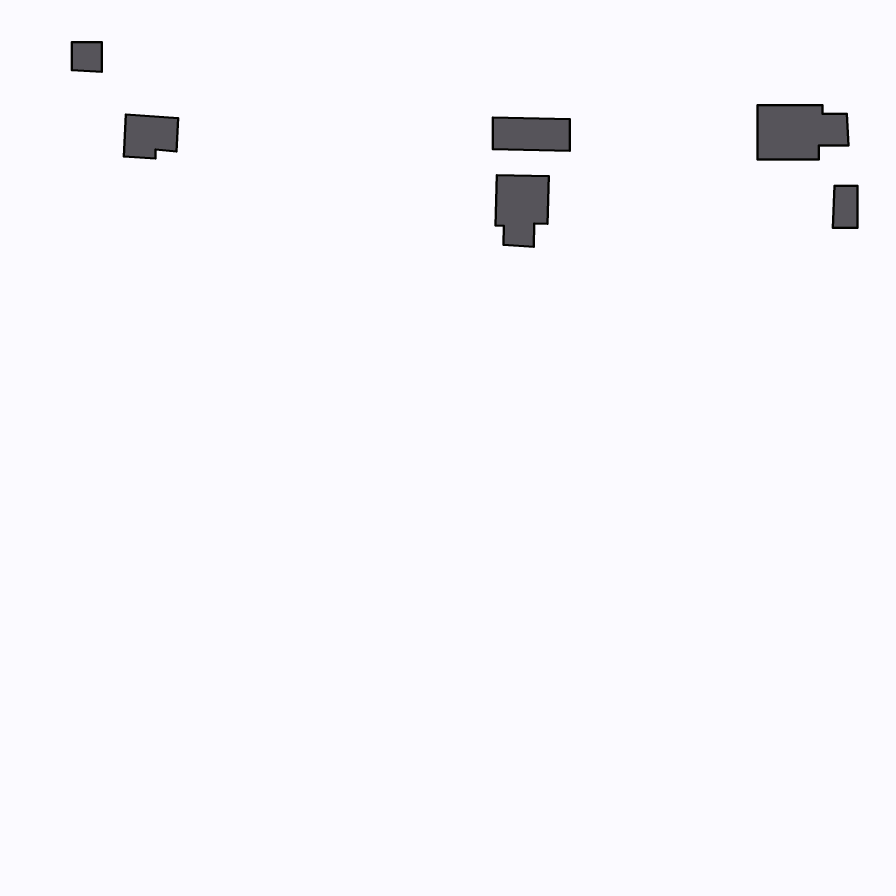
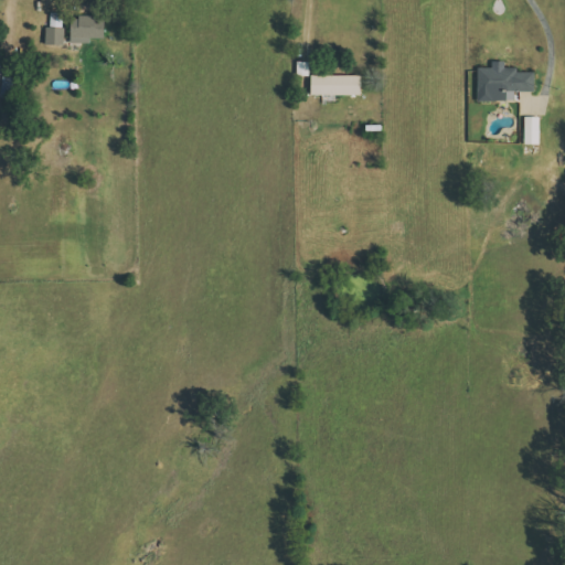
building: [124,115,178,158] -> [70,15,104,43]
building: [496,175,549,247] -> none

